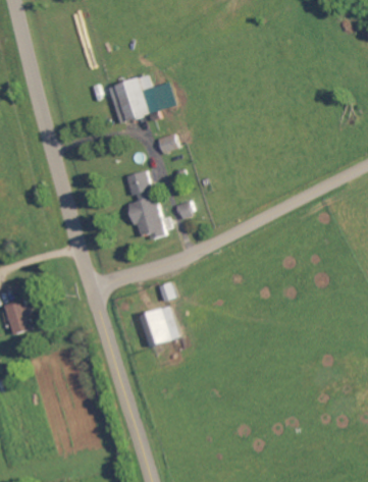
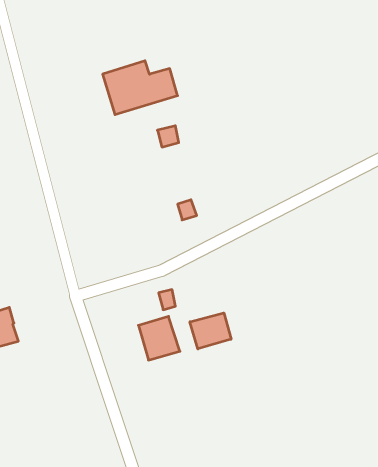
building: [125,170,164,238] -> none
building: none -> [190,313,231,349]

